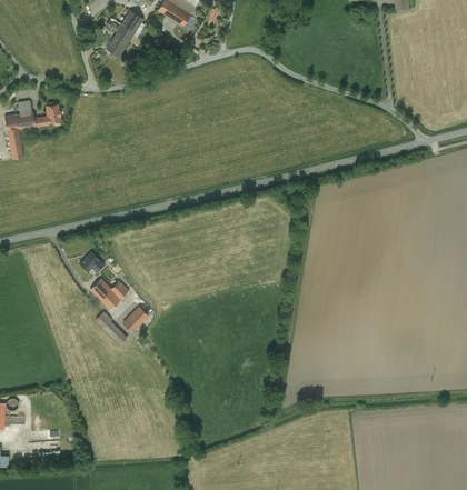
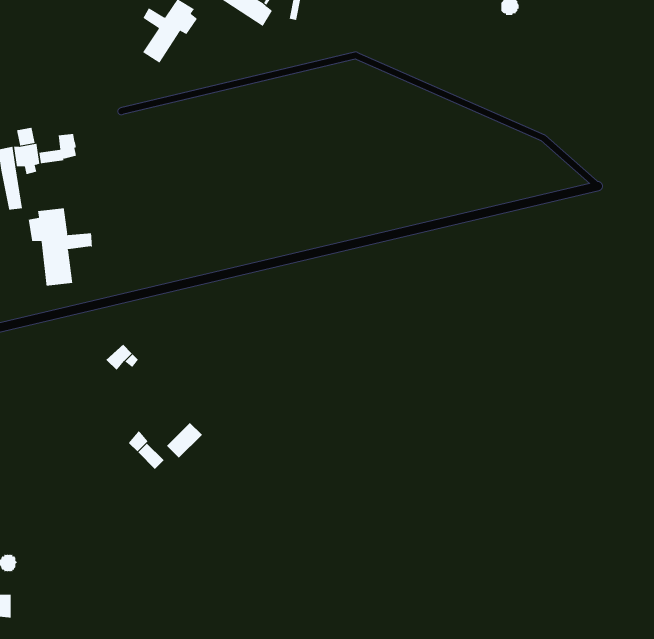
building: none -> [28,208,92,287]
building: [90,278,128,309] -> none

